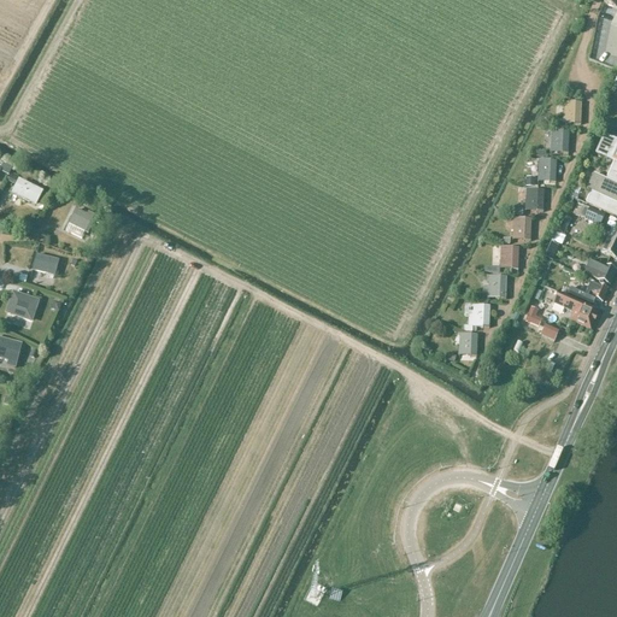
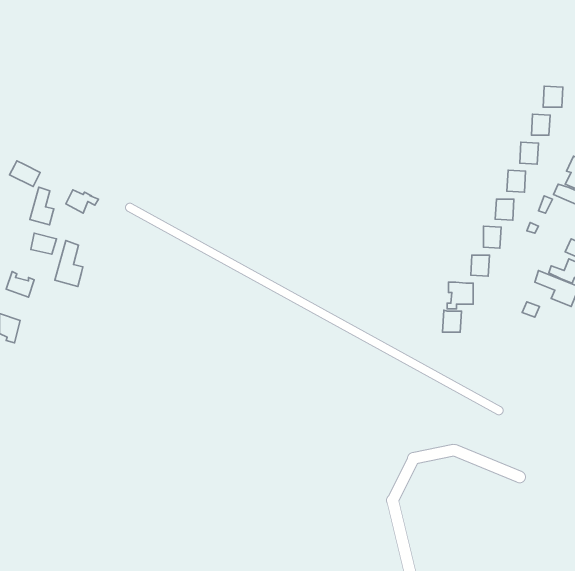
building: none -> [30,187,54,225]
building: none -> [55,241,83,286]

